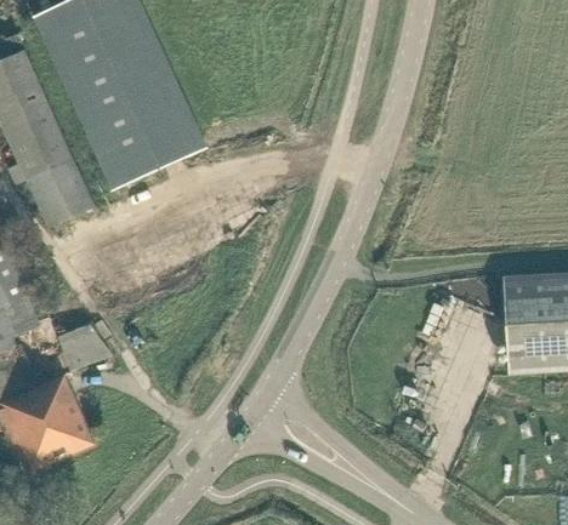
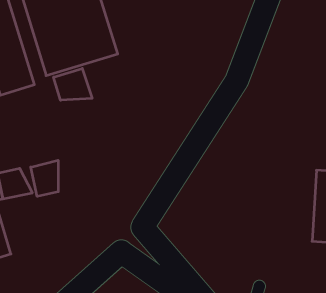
building: none -> [54,68,92,100]
building: none -> [31,160,58,196]

